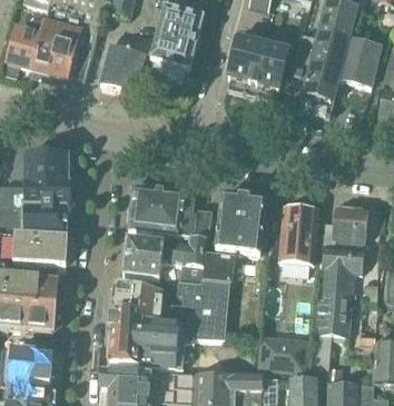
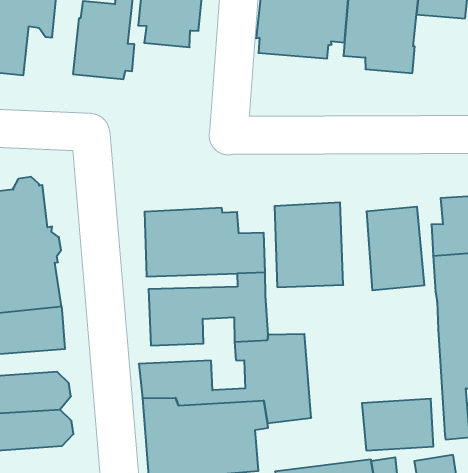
building: [204,252,234,283] -> none

